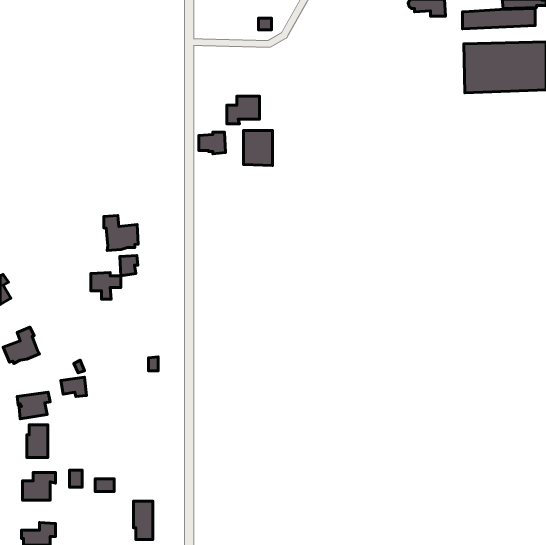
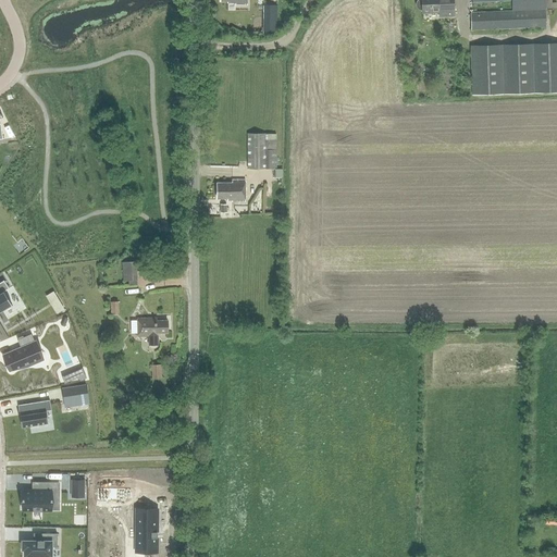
building: [227,96,259,124] -> none
building: [199,132,226,154] -> [218,180,245,201]
building: [104,216,138,250] -> none
building: [91,272,121,299] -> [137,317,168,344]
building: [27,425,48,457] -> none

